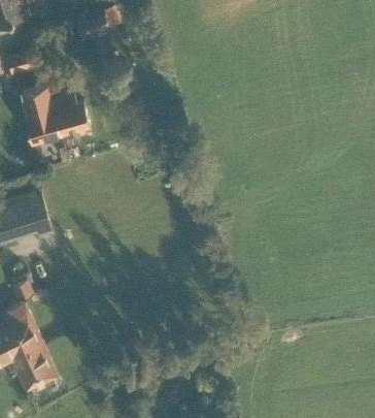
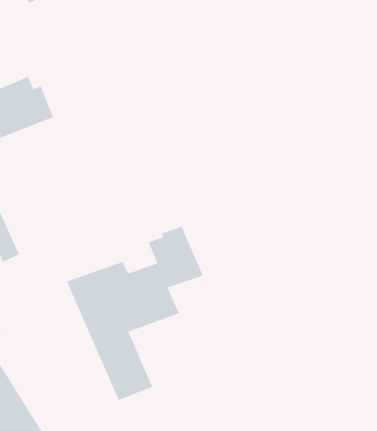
building: none -> [66,226,203,401]

